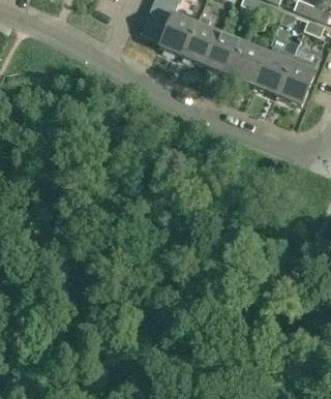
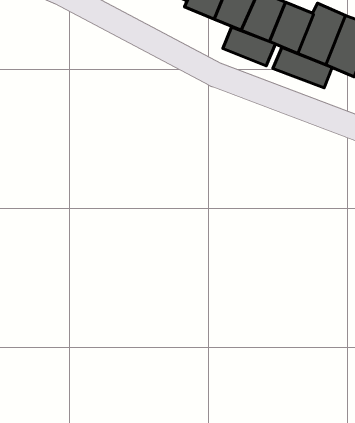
building: none -> [223,27,275,66]
building: none -> [273,47,332,88]

